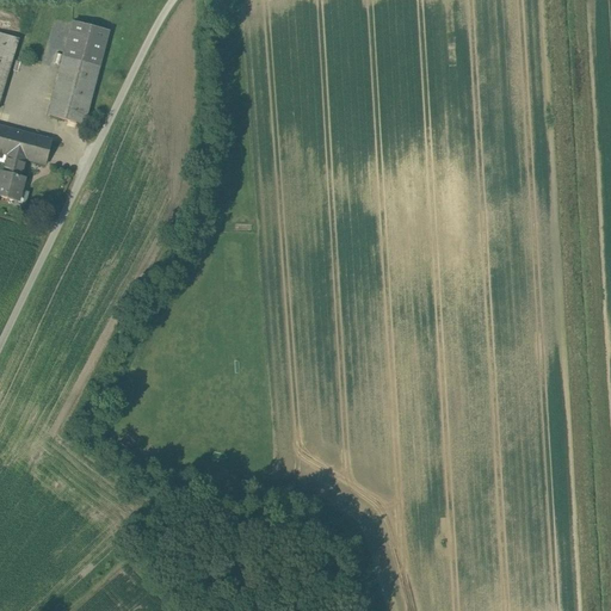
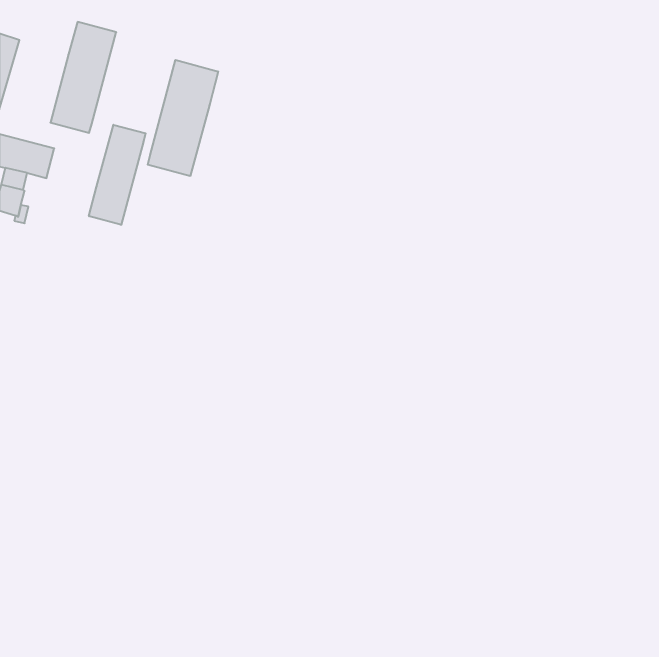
building: none -> [148,60,218,176]
building: none -> [89,125,146,225]

